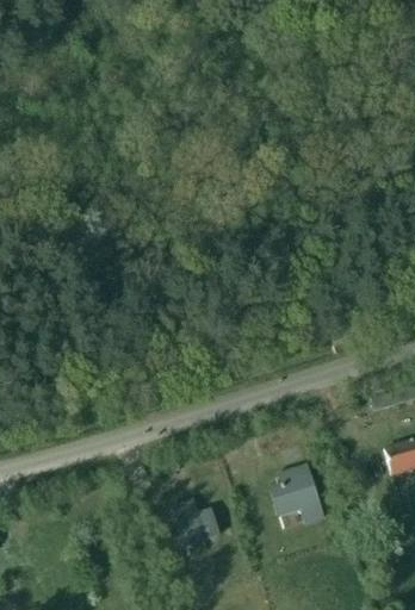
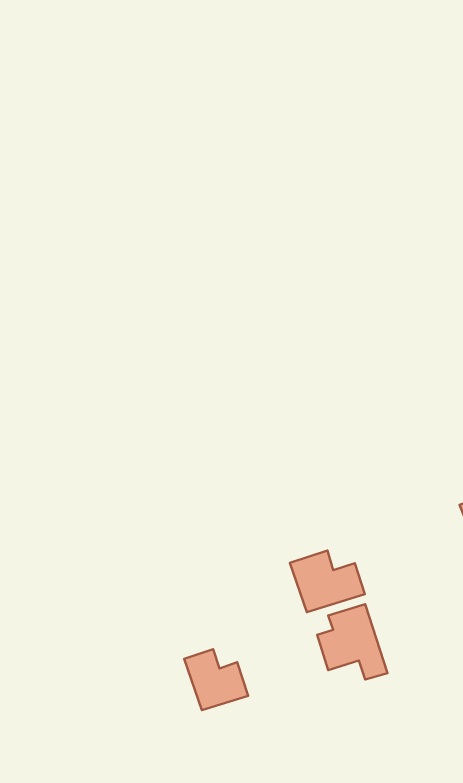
building: none -> [290,551,365,612]

